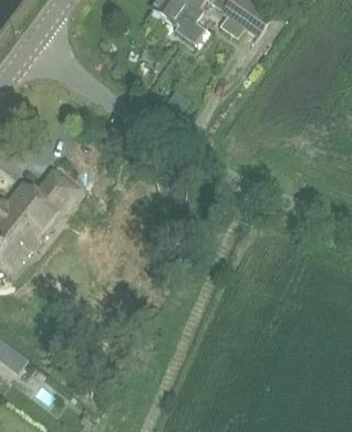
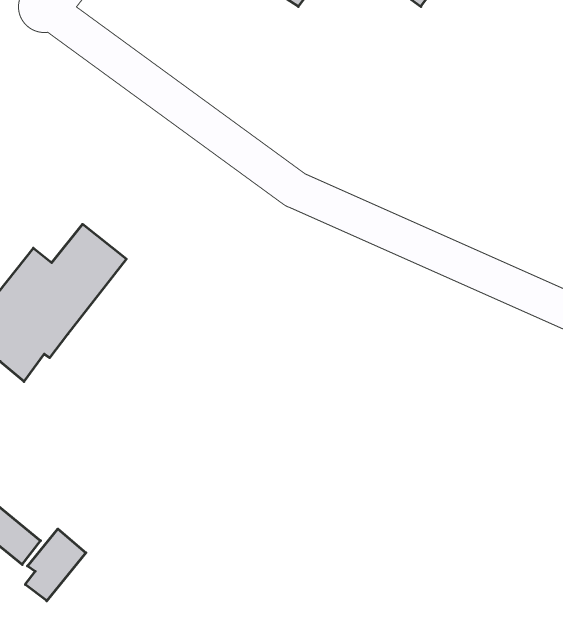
building: none -> [25,529,86,601]

